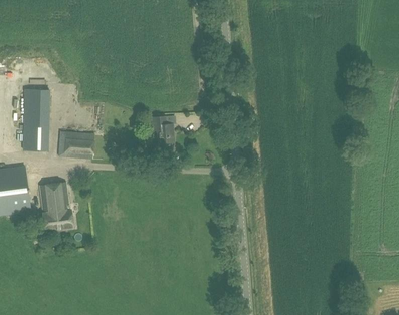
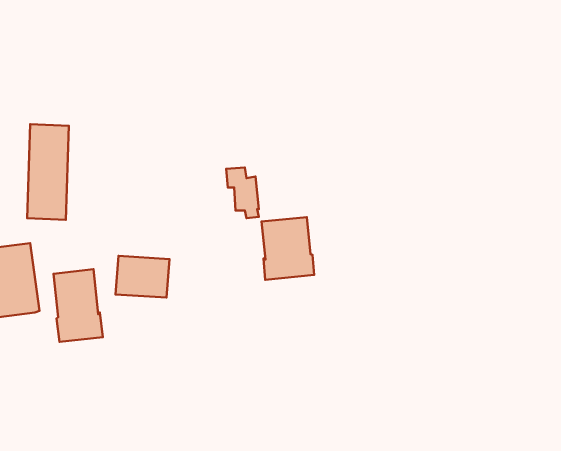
building: [58,130,93,158] -> [116,256,170,298]
building: none -> [261,217,314,280]

